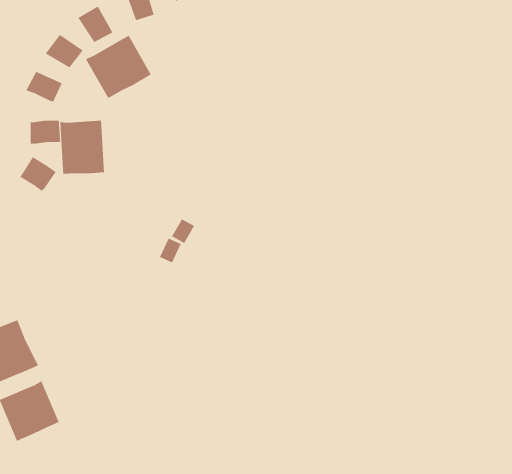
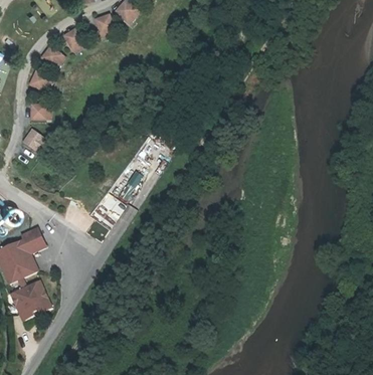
building: [85,35,152,99] -> none
building: [60,120,104,174] -> none
building: none -> [20,226,44,251]

